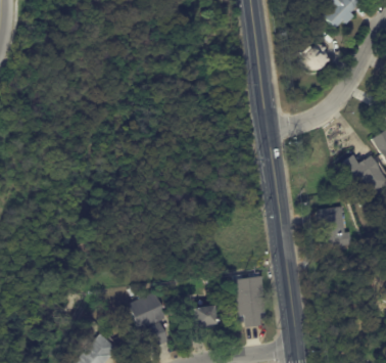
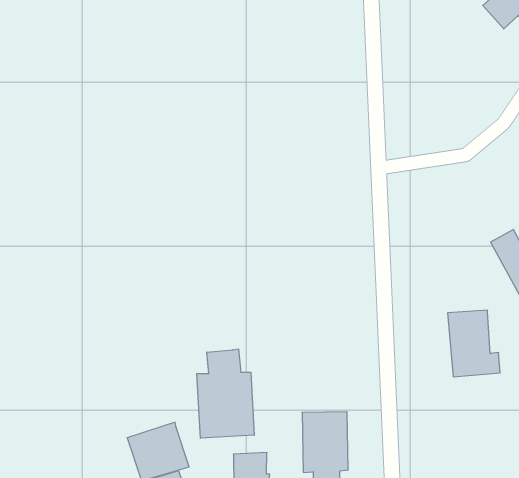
building: [295,40,327,73] -> none
building: none -> [197,349,254,438]

